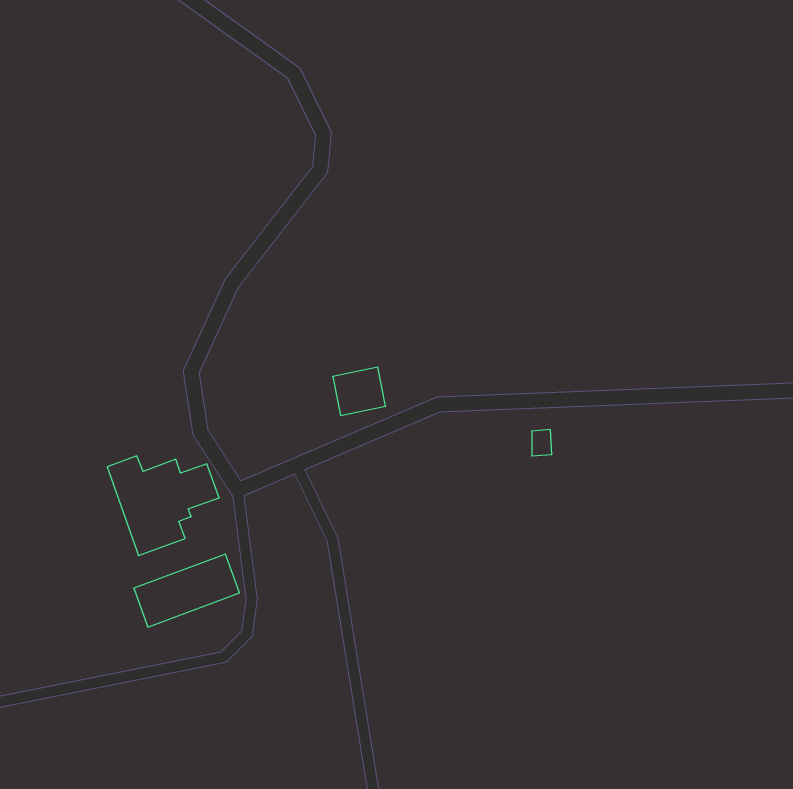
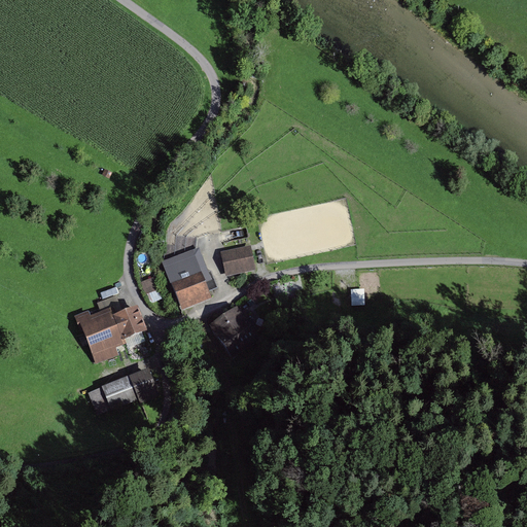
building: none -> [163,248,212,308]
building: none -> [209,306,257,355]

